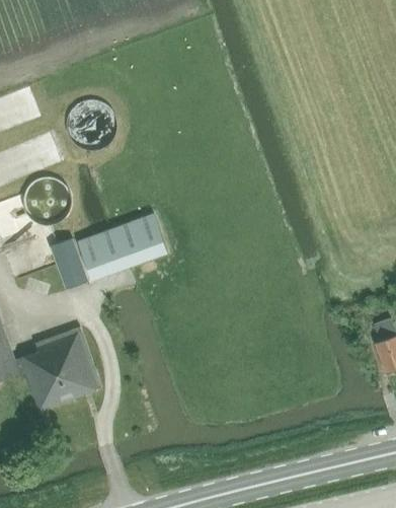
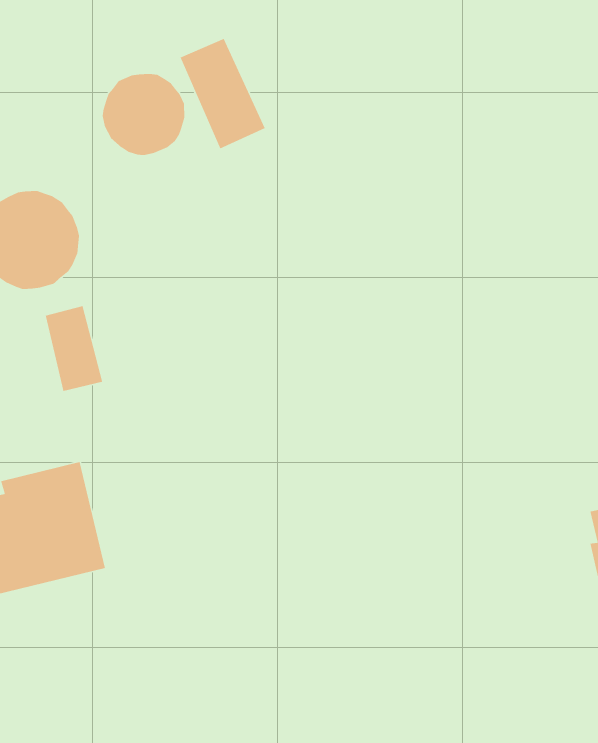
building: none -> [179,38,266,150]
building: [78,215,168,276] -> none

